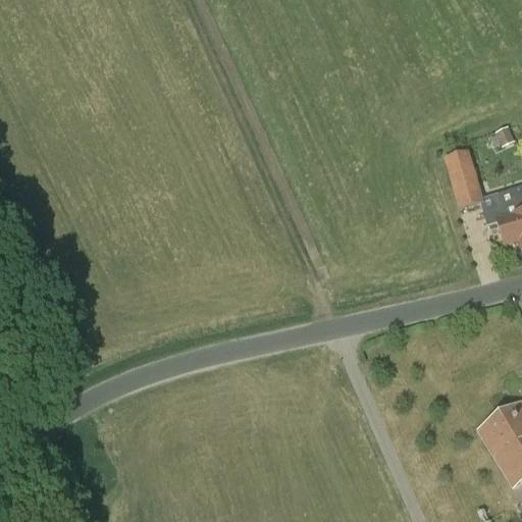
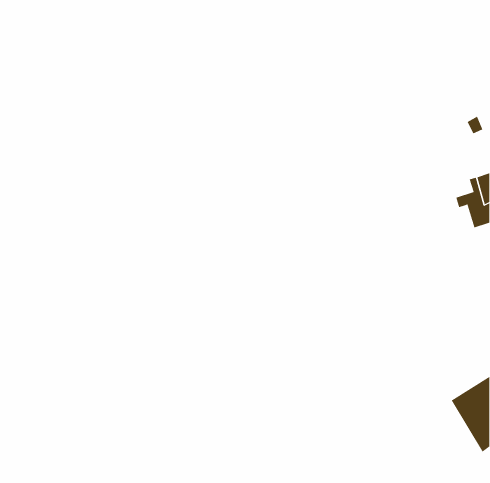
building: [445,151,481,207] -> none

